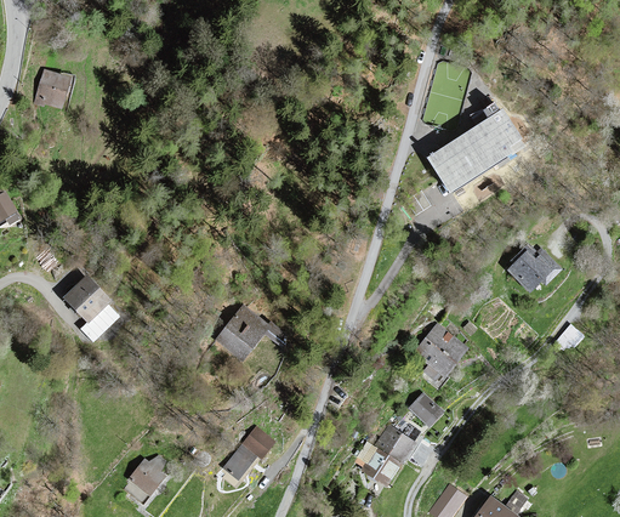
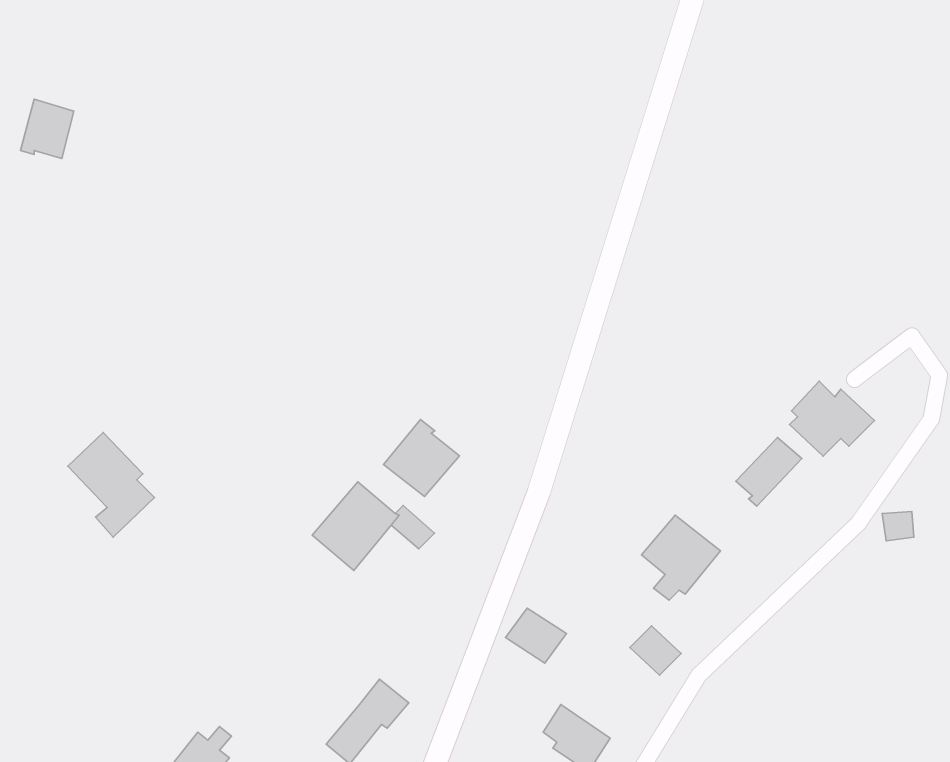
building: [428,103,524,191] -> none
building: none -> [383,419,459,497]
building: none -> [736,438,802,506]
building: [376,426,414,460] -> [506,608,567,663]

